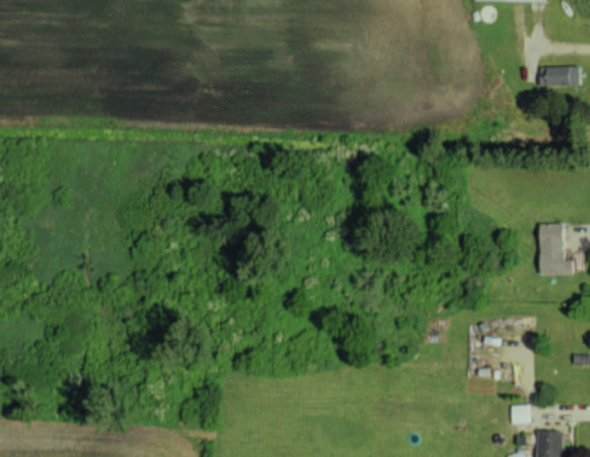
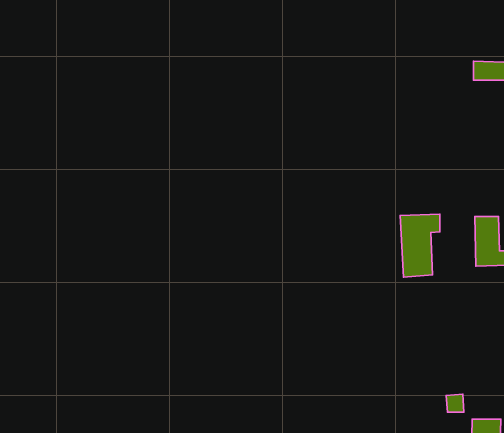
building: none -> [400,214,440,277]

